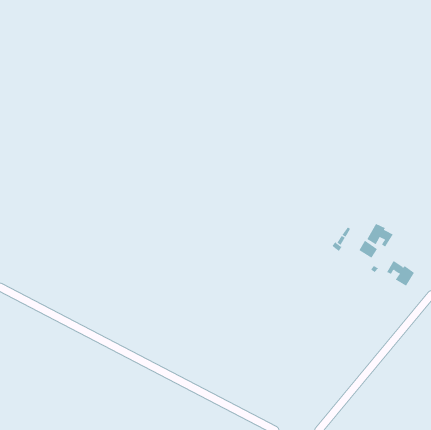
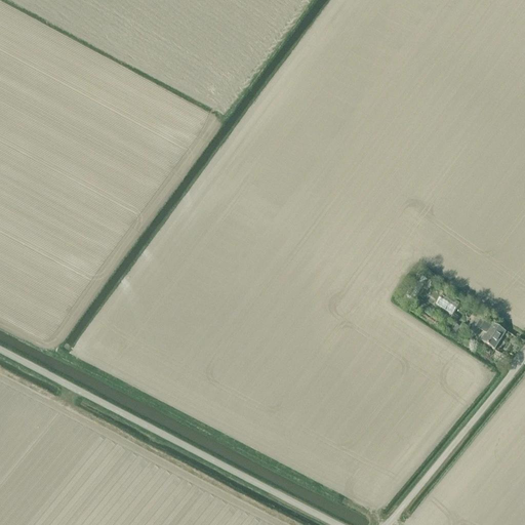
building: [367,223,394,248] -> none

